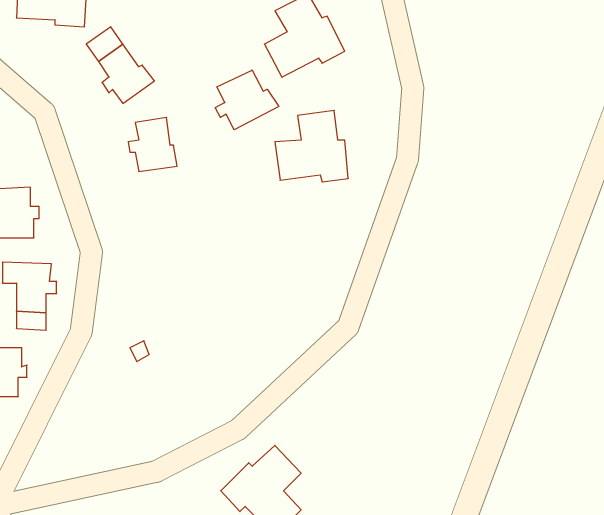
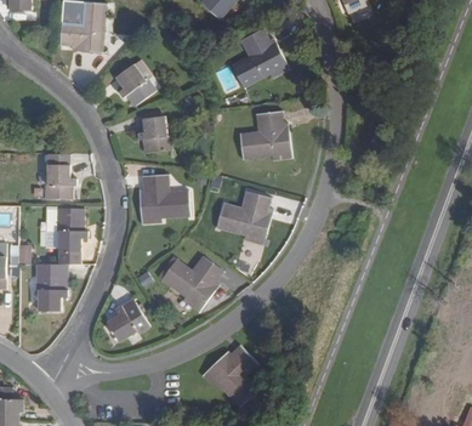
building: [215,70,279,130] -> none
building: none -> [140,174,188,225]
building: none -> [217,192,271,244]
building: none -> [161,256,221,312]
building: none -> [107,301,149,342]

